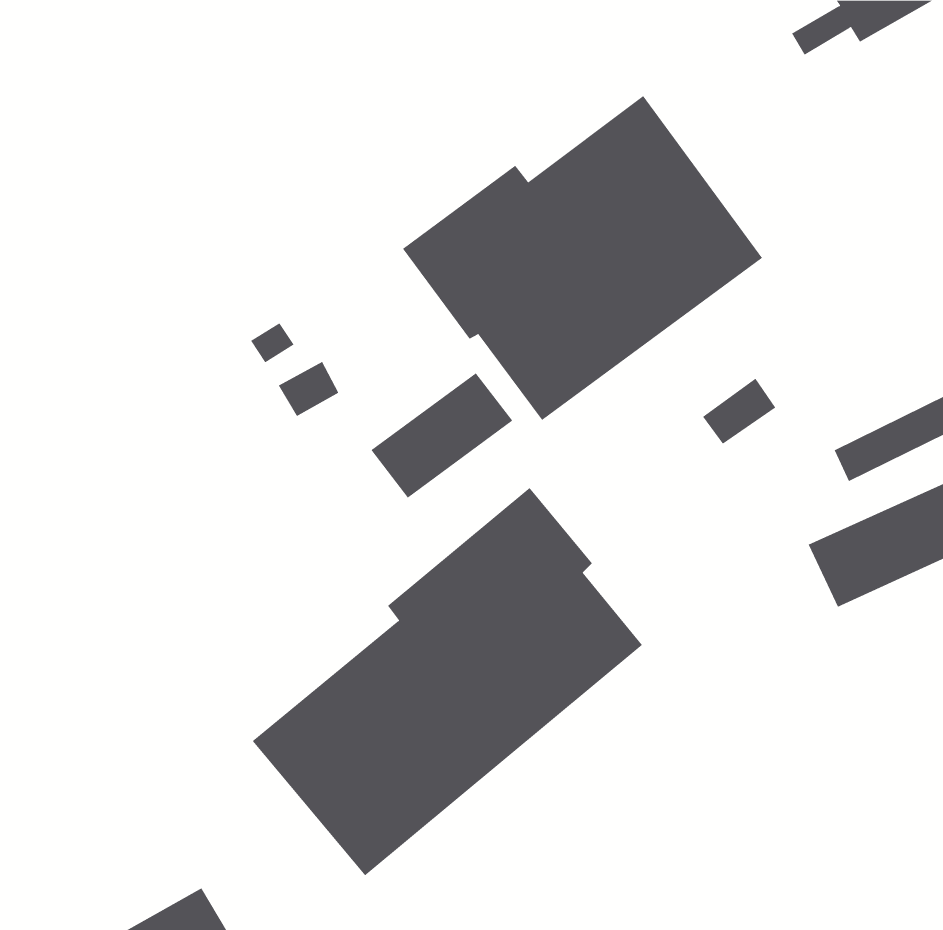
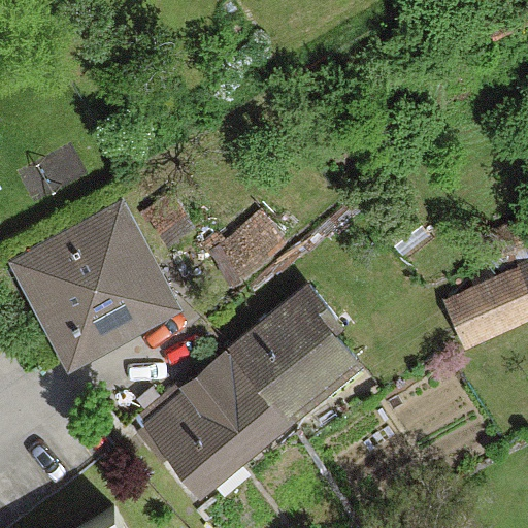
building: [402,95,763,421] -> none
building: none -> [11,216,177,370]

